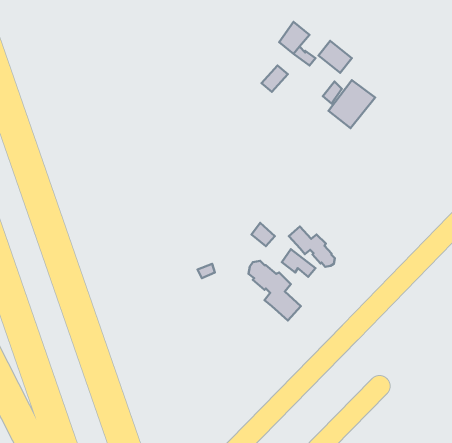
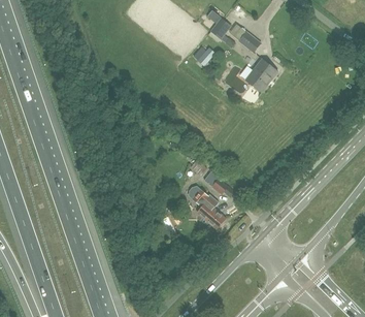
building: [289,226,335,267] -> none

